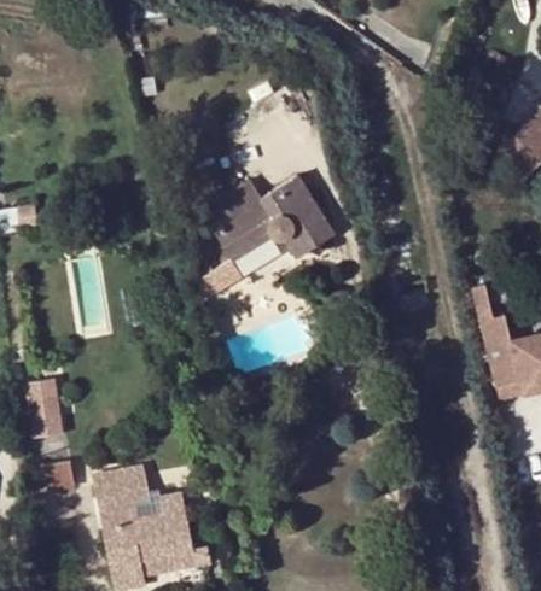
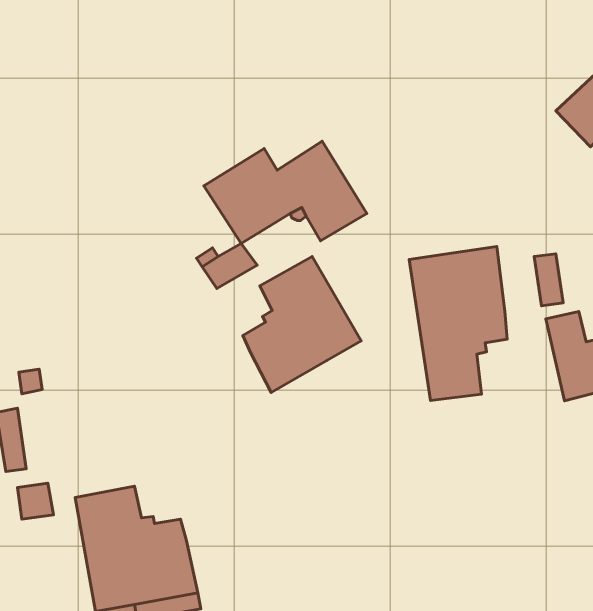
building: none -> [409,246,507,401]
building: none -> [243,257,361,392]

